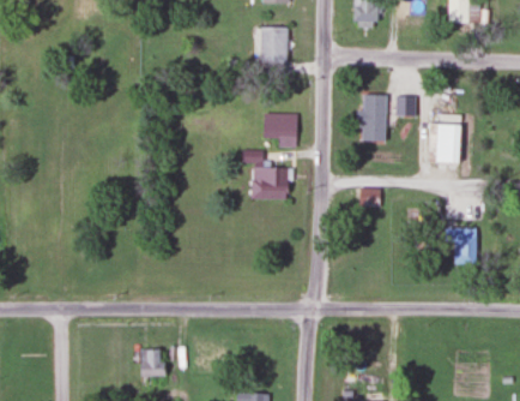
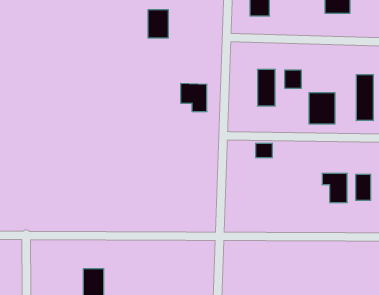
building: [260,26,286,62] -> [148,10,168,38]
building: none -> [356,75,373,121]
building: [252,161,288,199] -> none
building: none -> [356,174,371,200]

